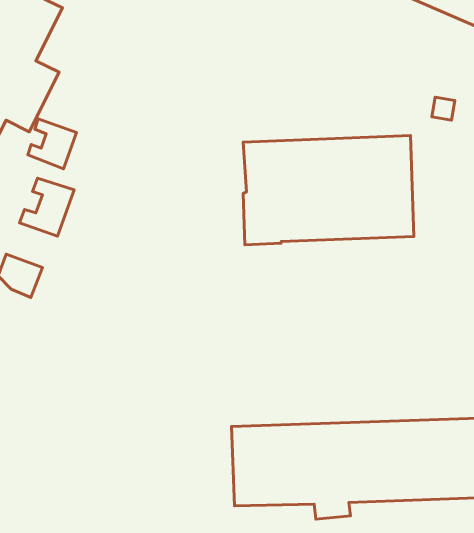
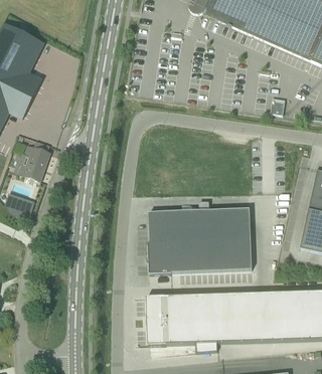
building: [28,119,76,169] -> none
building: [243,136,414,245] -> [148,207,252,273]

